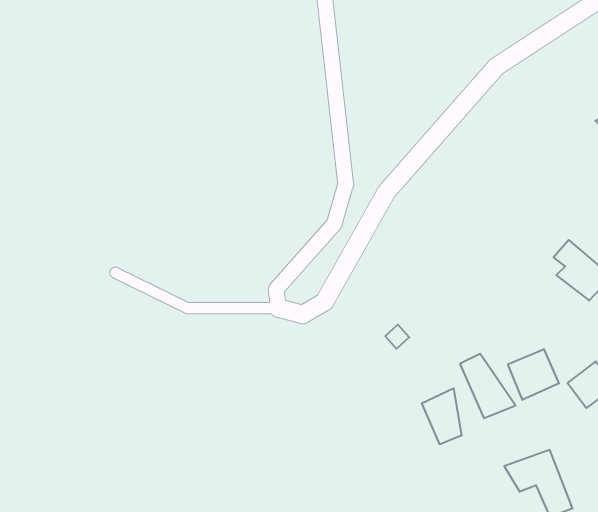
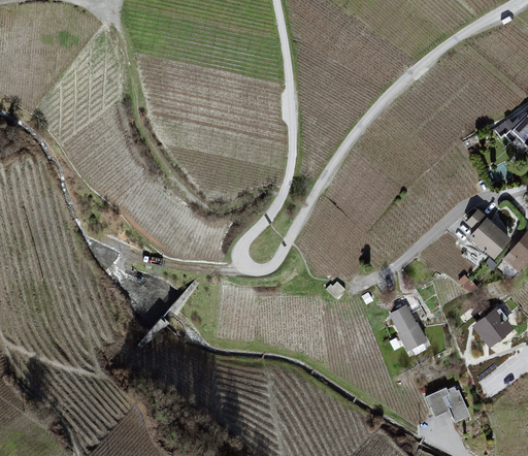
building: [508,349,559,400] -> none
building: [422,388,462,444] -> none

